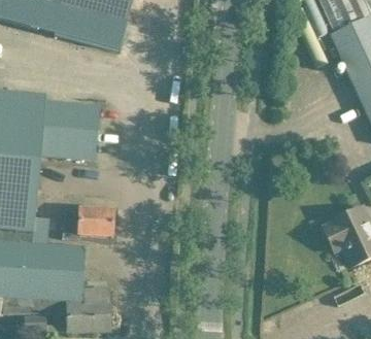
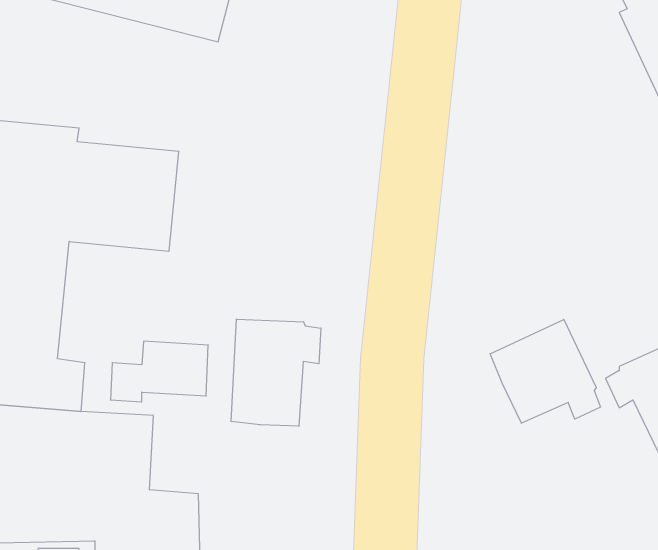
building: none -> [231,319,321,426]
building: none -> [490,319,600,423]

